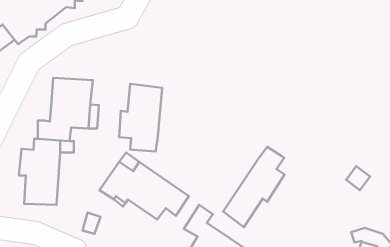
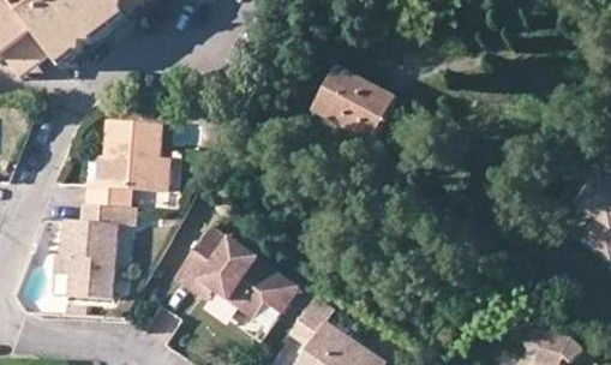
building: none -> [312,65,394,139]
building: [119,84,162,152] -> none
building: [223,147,284,227] -> none

